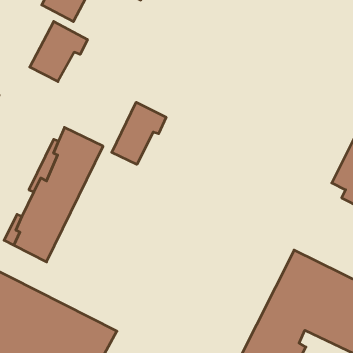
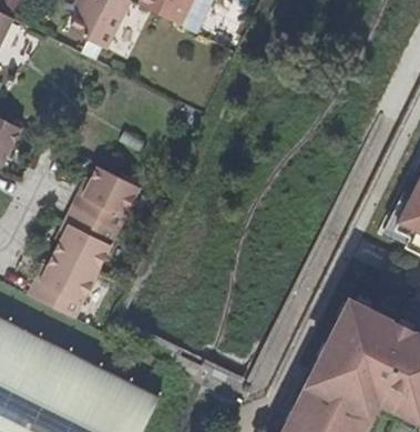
building: [30,21,87,82] -> none
building: [112,102,166,164] -> none

